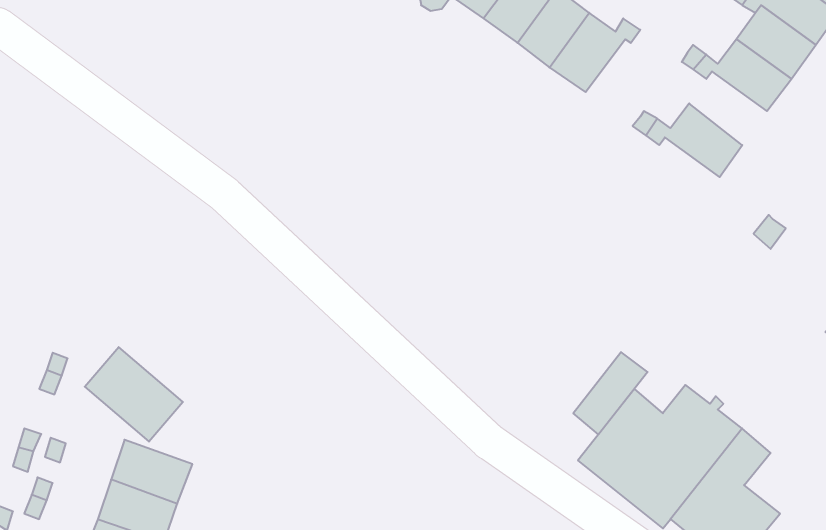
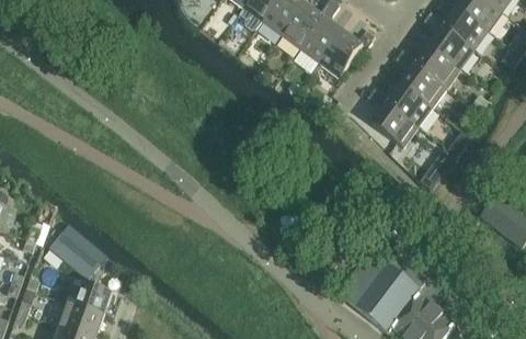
building: none -> [400,66,445,109]
building: none -> [370,104,418,147]
building: [573,352,648,434] -> none

